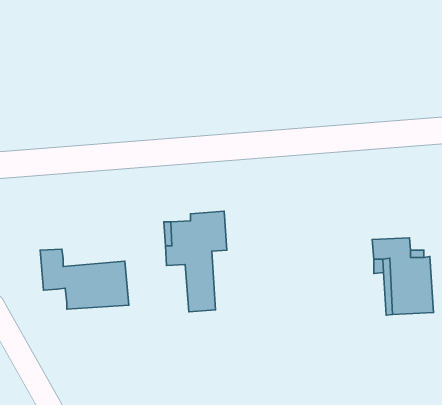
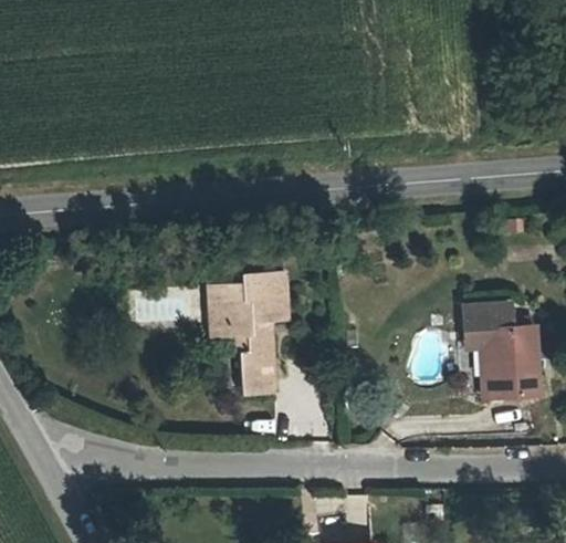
building: [40,249,129,309] -> none

